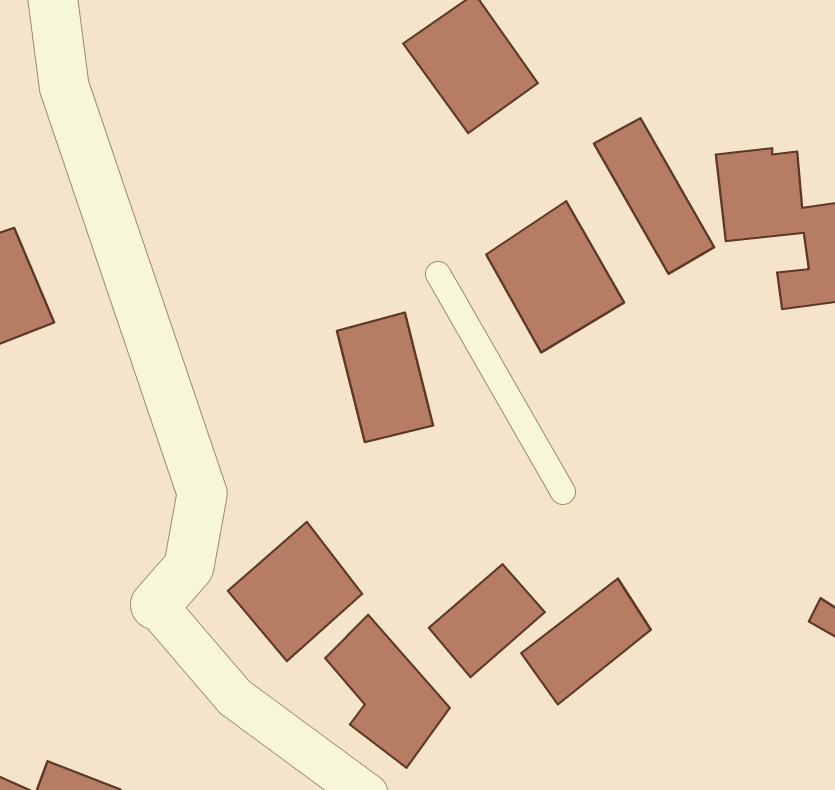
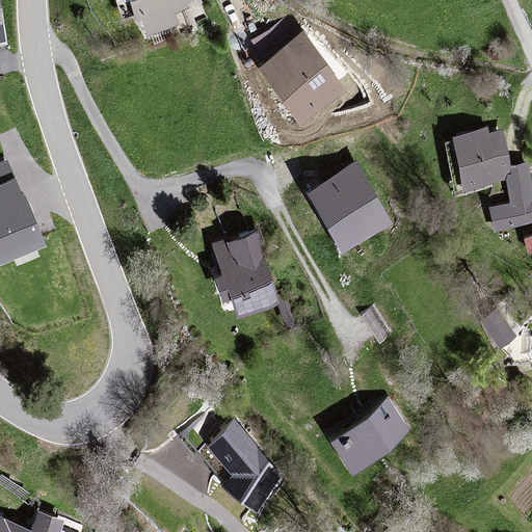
building: [594,118,714,274] -> none
building: [228,522,362,661] -> none
building: [429,564,545,677] -> none

